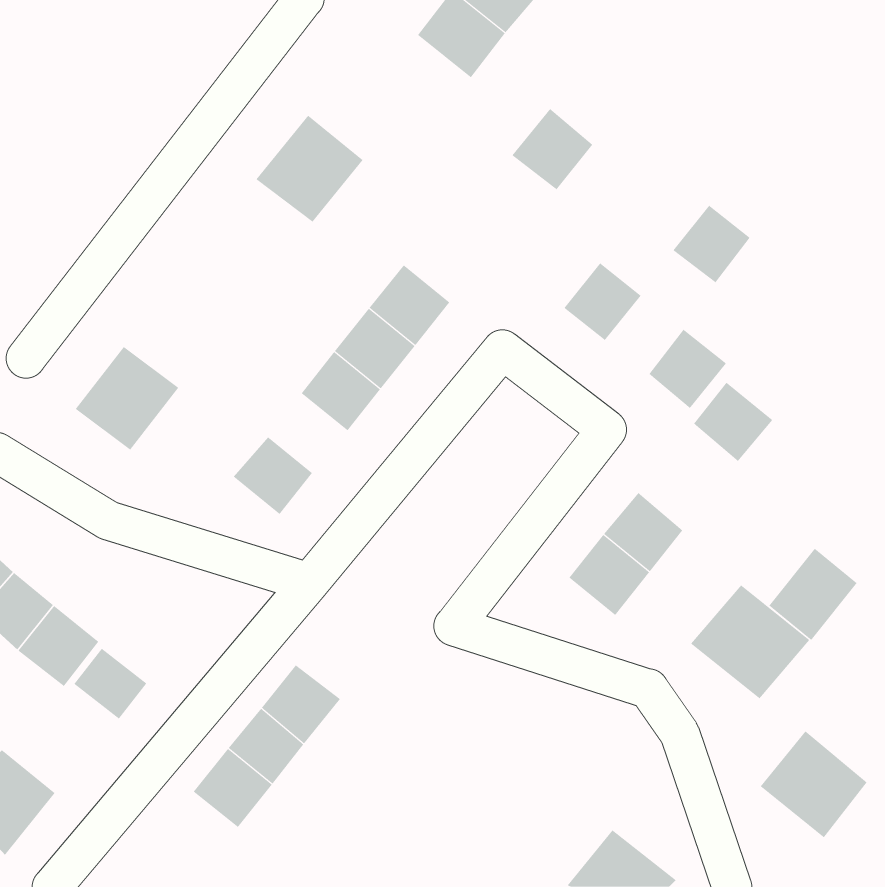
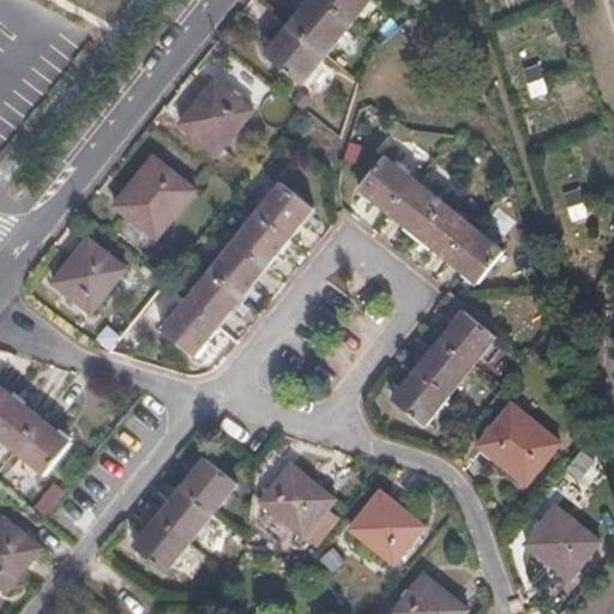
building: none -> [264,24,325,84]
building: [512,108,593,190] -> [357,156,414,212]
building: [672,205,751,283] -> [417,204,471,258]
building: none -> [113,157,193,237]
building: [693,382,773,462] -> [440,311,495,366]
building: none -> [185,271,240,326]
building: [768,548,858,641] -> none
building: [74,648,147,720] -> none
building: none -> [259,464,332,536]
building: none -> [348,490,421,564]

